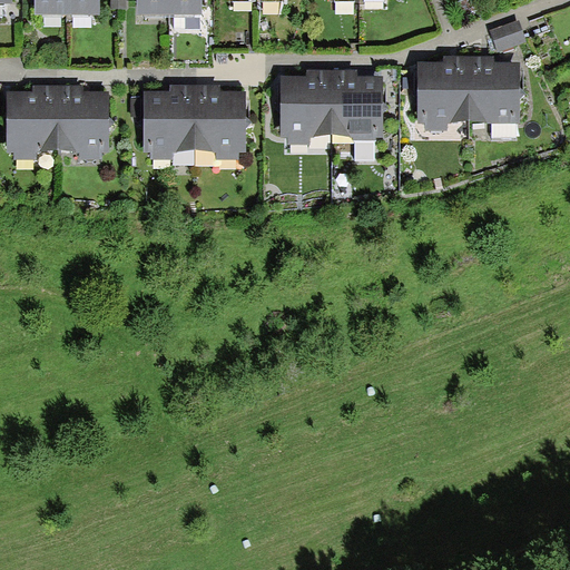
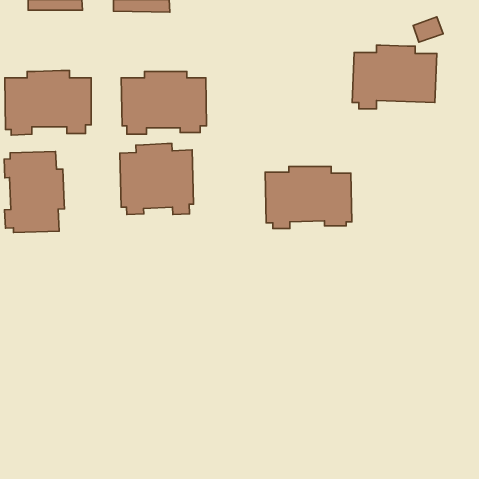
building: [279,69,382,142] -> [265,167,352,228]
building: none -> [120,143,193,215]
building: none -> [4,152,65,232]

